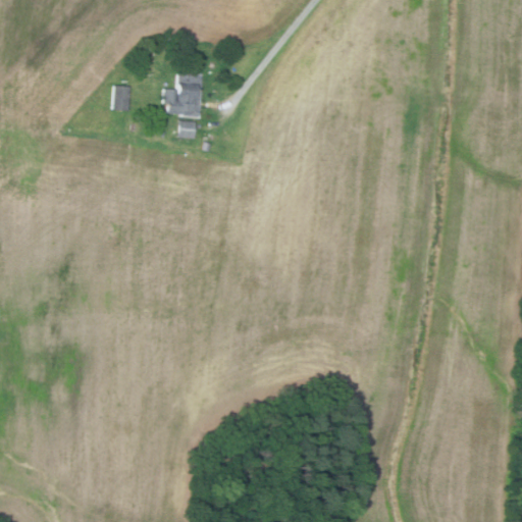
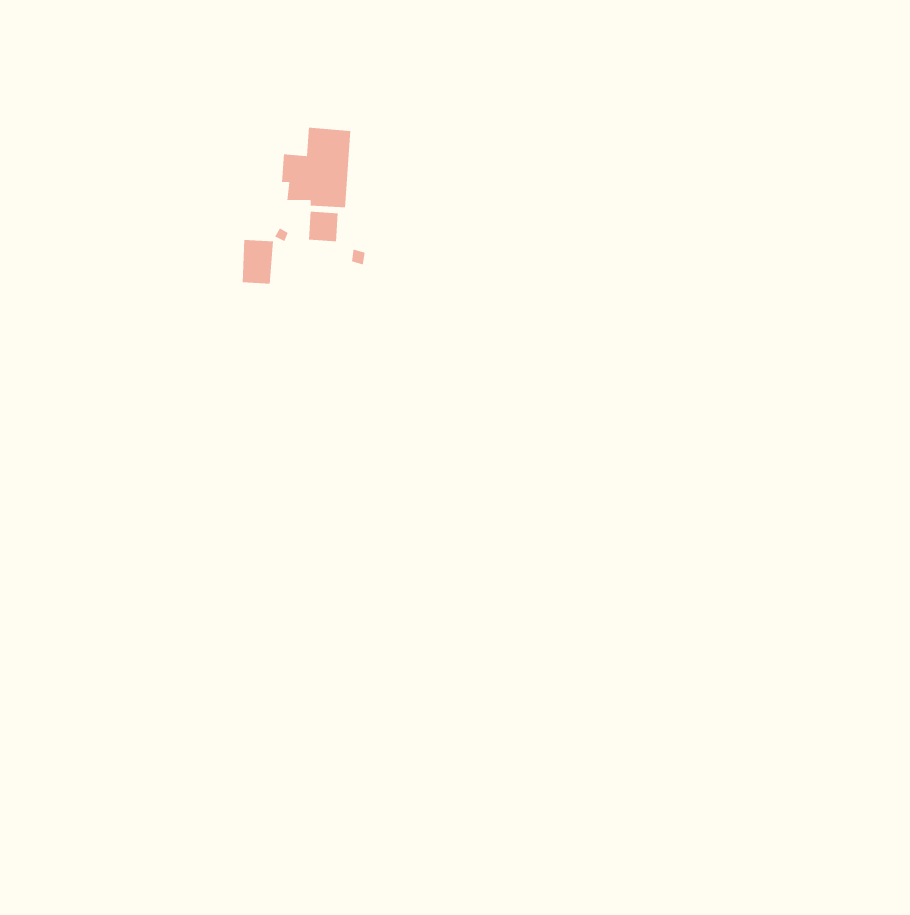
building: [113,86,132,111] -> [242,239,274,284]

